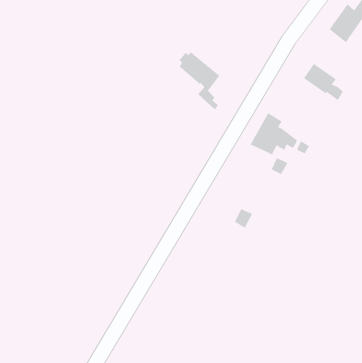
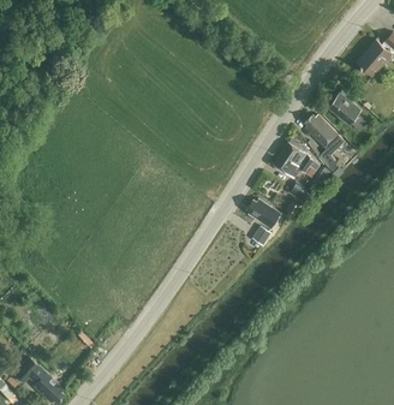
building: [178,52,220,111] -> [304,115,342,173]
building: none -> [246,199,280,228]

